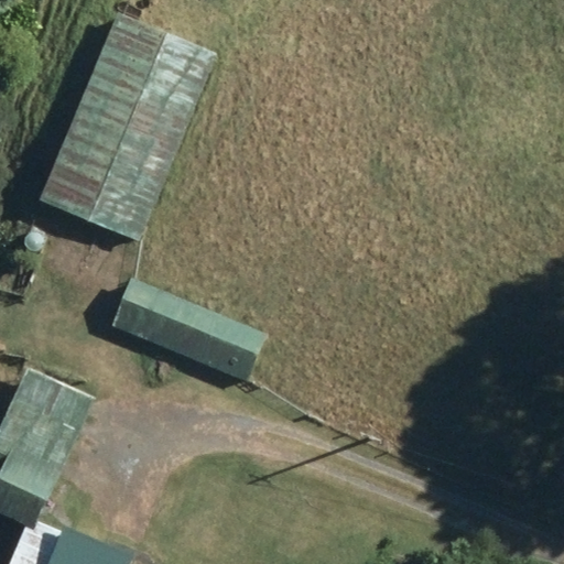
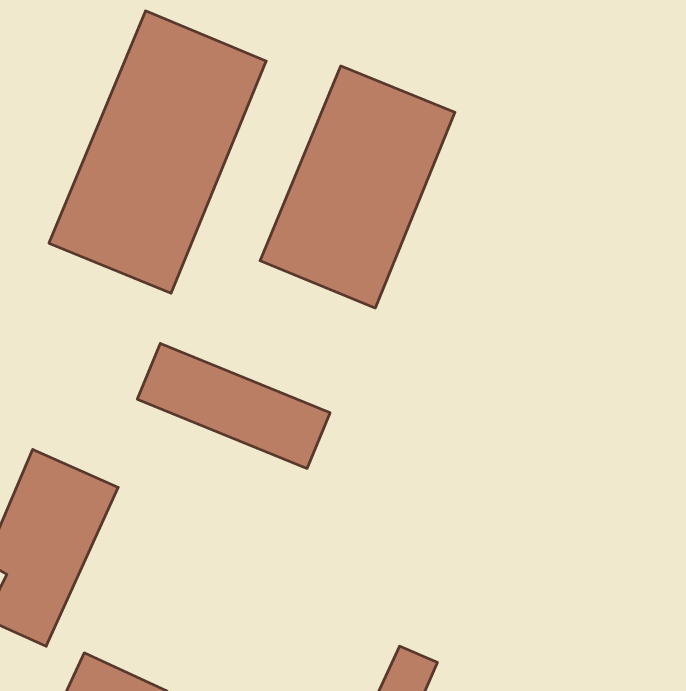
building: none -> [260,66,455,308]

